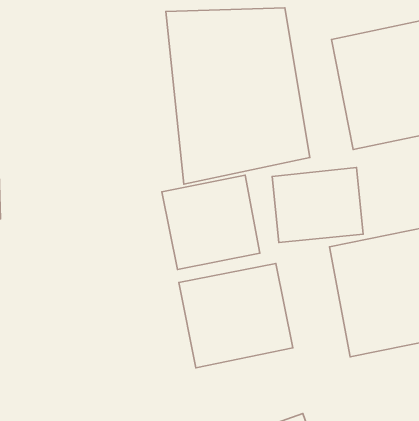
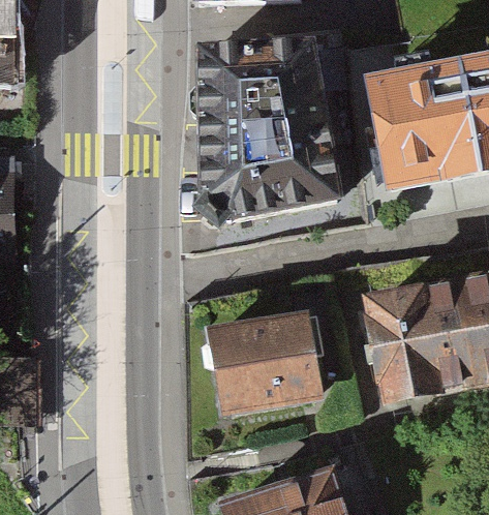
building: [272,168,363,242] -> none
building: [162,175,260,269] -> none

